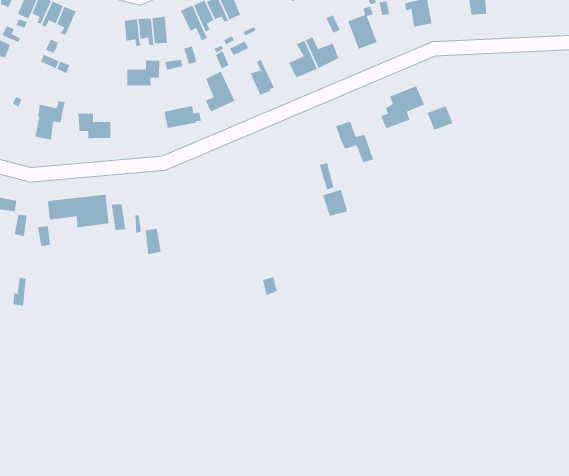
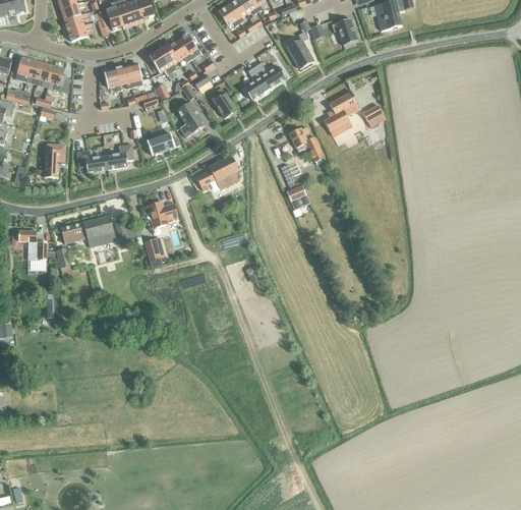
building: [127,60,160,86] -> [105,144,133,169]
building: none -> [195,155,238,189]
building: none -> [147,201,177,227]

